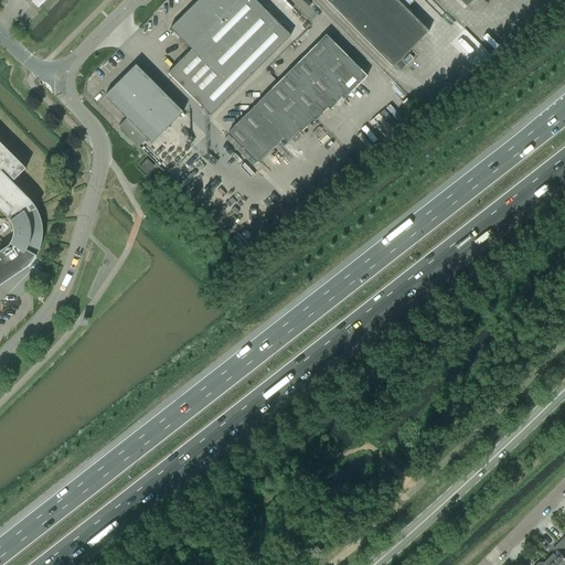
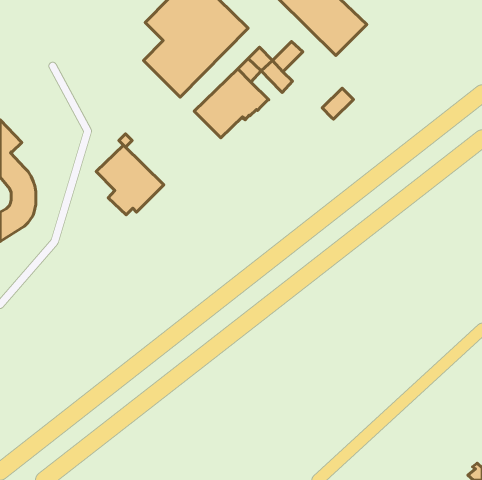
building: [303,33,341,71] -> none
building: [331,61,367,97] -> [322,88,353,119]
building: [104,63,183,145] -> [96,145,164,215]
building: [294,83,328,118] -> none

